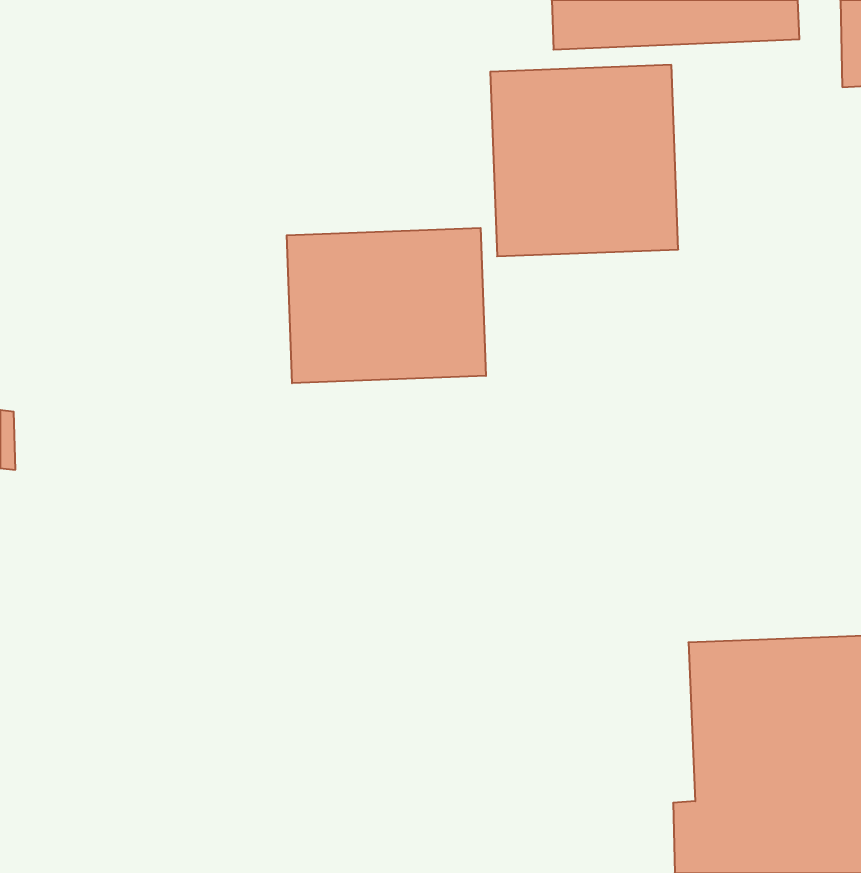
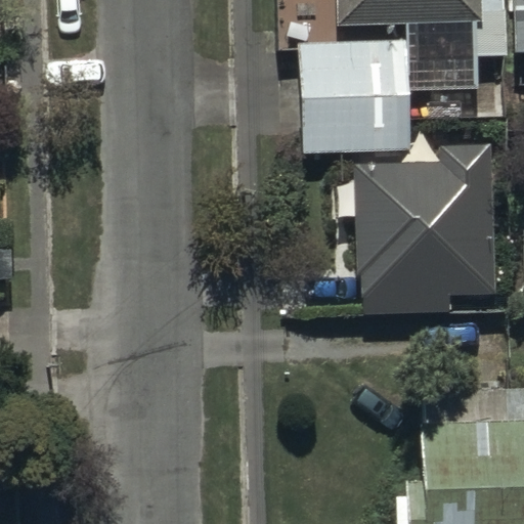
building: [287,228,486,383] -> none
building: none -> [355,145,495,309]

